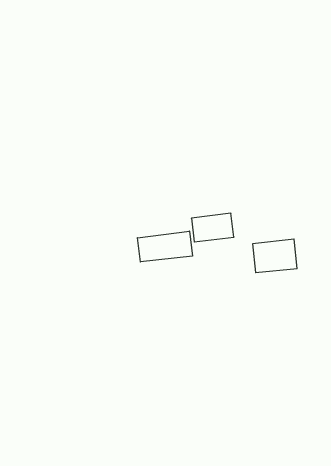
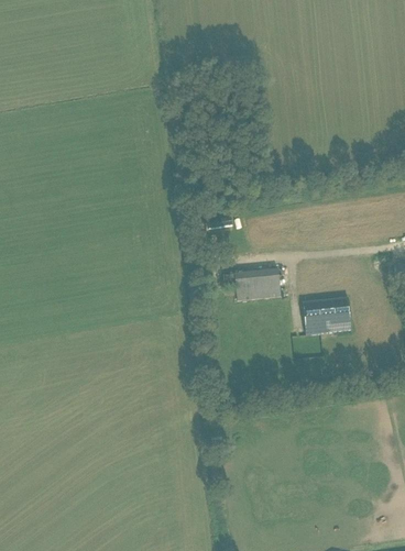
building: [137,231,192,262] -> none

